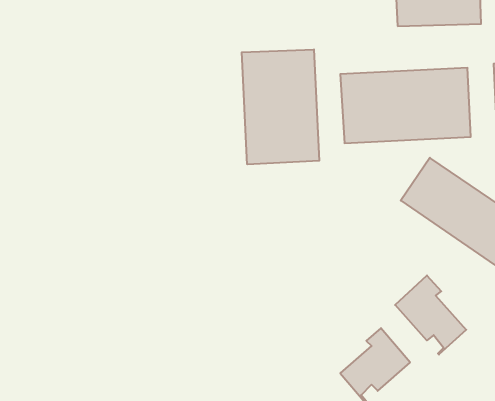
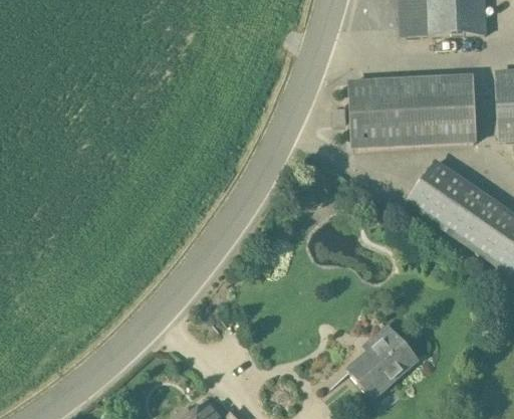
building: [242,49,319,164] -> none
building: [395,275,466,355] -> none

